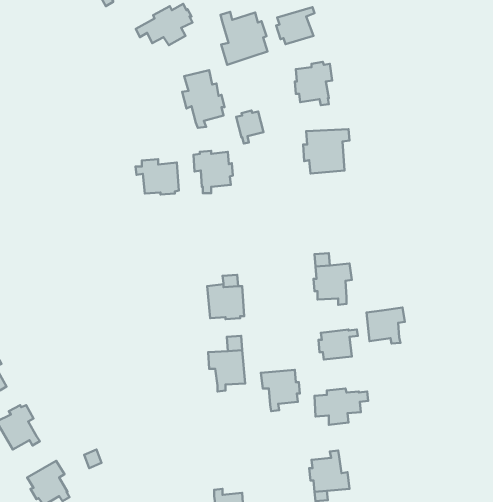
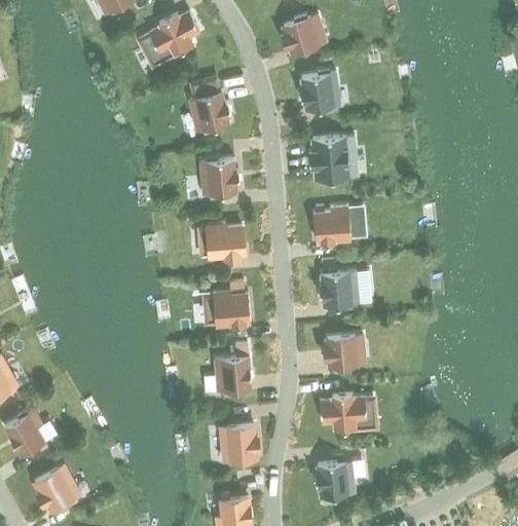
building: [221,12,268,65] -> none
building: [236,110,263,143] -> none
building: [136,159,179,194] -> [201,224,245,259]
building: none -> [313,208,355,245]
building: [366,307,405,343] -> none
building: [261,370,300,411] -> [220,426,259,467]

